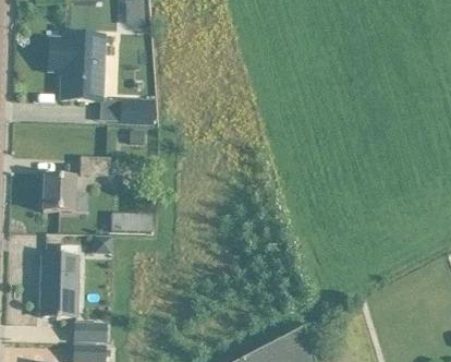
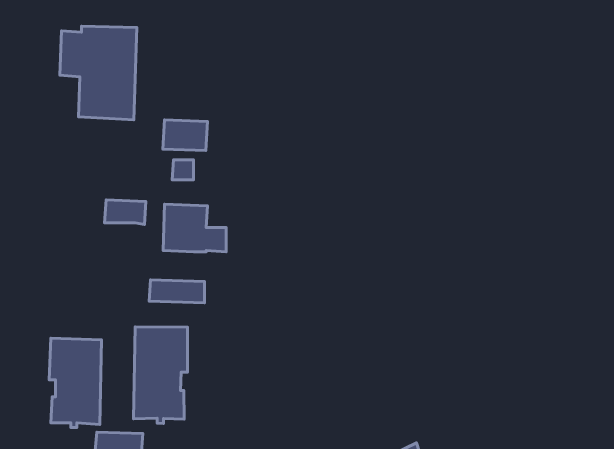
building: [44,176,88,209] -> [163,204,226,252]
building: none -> [133,327,188,423]

